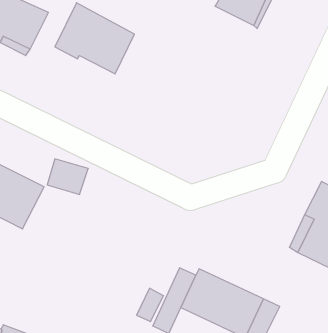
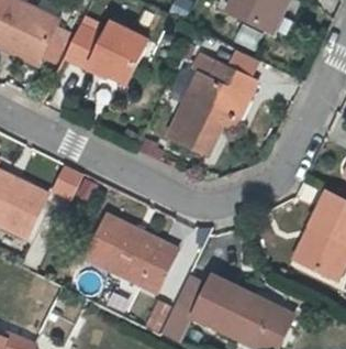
building: none -> [154,48,243,152]
building: none -> [86,216,170,288]

